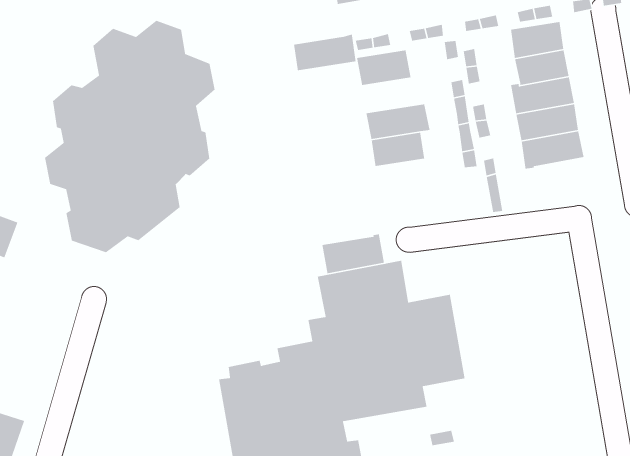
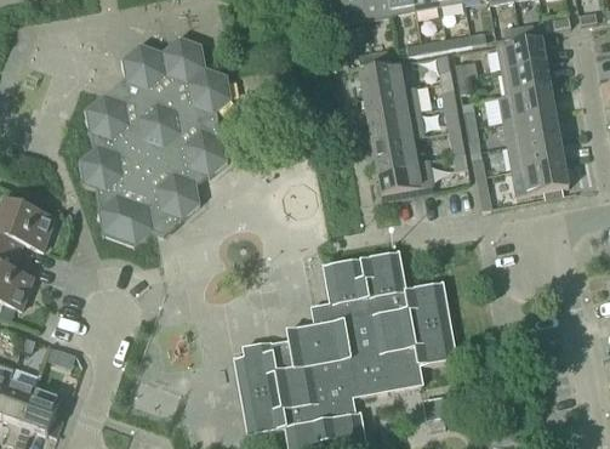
building: [293,33,357,71] -> [363,84,420,118]
building: none -> [511,158,568,194]
building: [321,234,385,274] -> [375,157,432,193]

